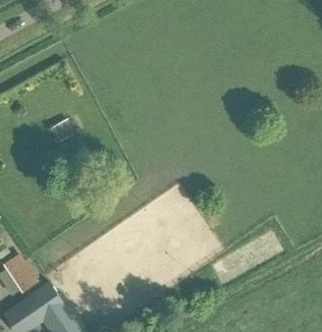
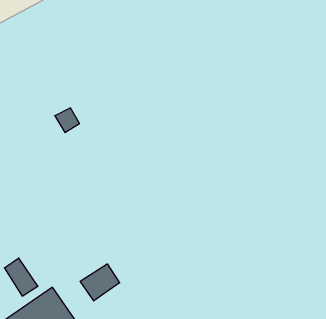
building: none -> [80,264,120,301]

